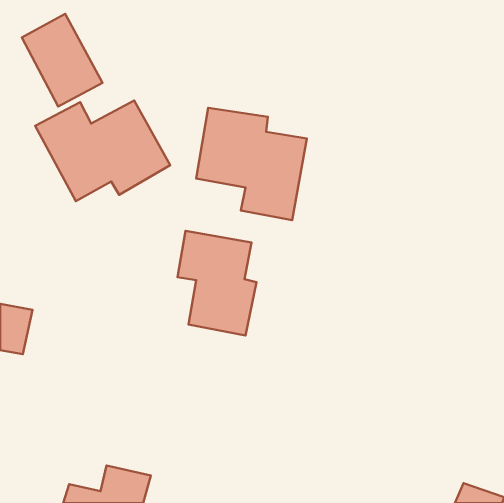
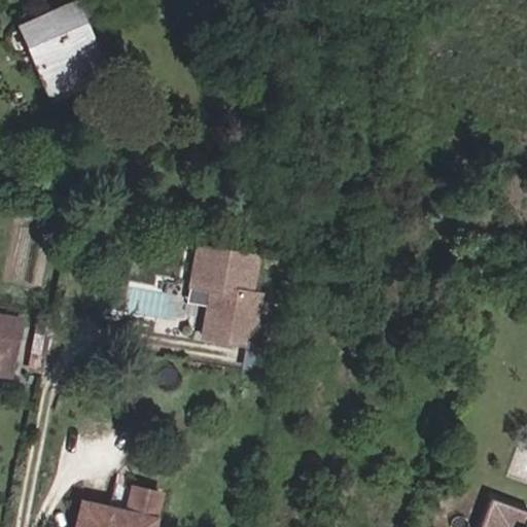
building: [35,100,170,201] -> none
building: [196,108,307,220] -> none

